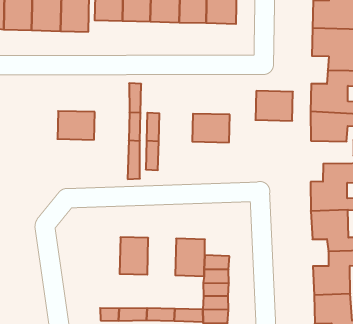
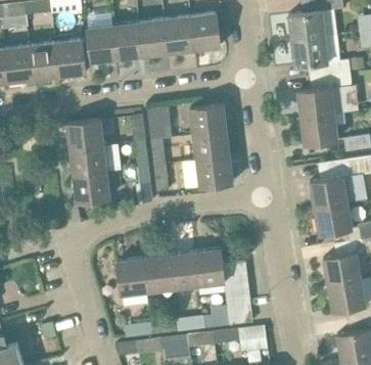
building: none -> [148,107,171,140]
building: none -> [66,120,103,150]
building: [255,91,293,121] -> [190,104,227,135]
building: none -> [73,172,110,202]
building: none -> [196,156,233,187]
building: none -> [117,258,147,295]
building: none -> [169,252,198,288]

